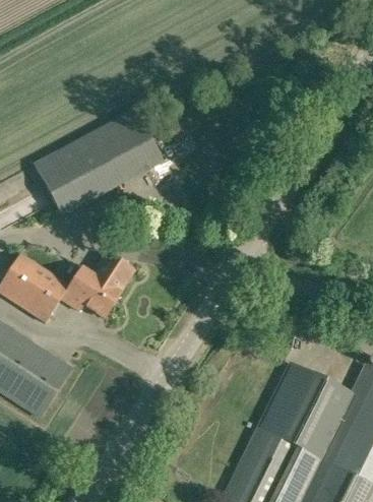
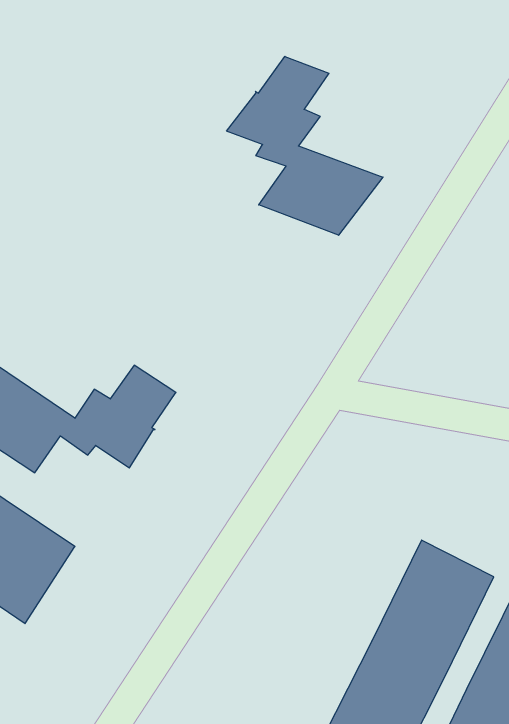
building: none -> [227,56,383,235]
building: [36,111,164,215] -> none

